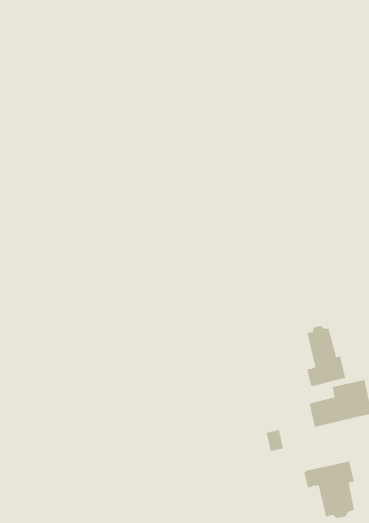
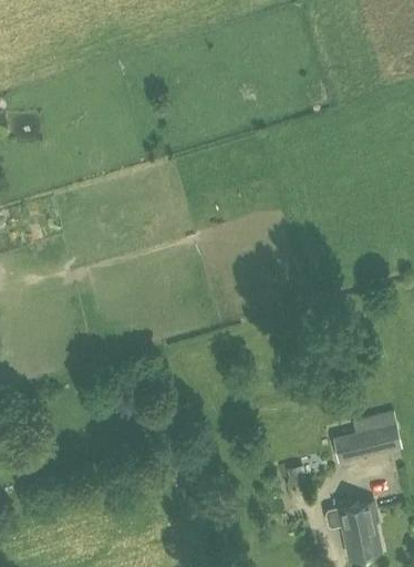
building: [307,325,346,387] -> none

